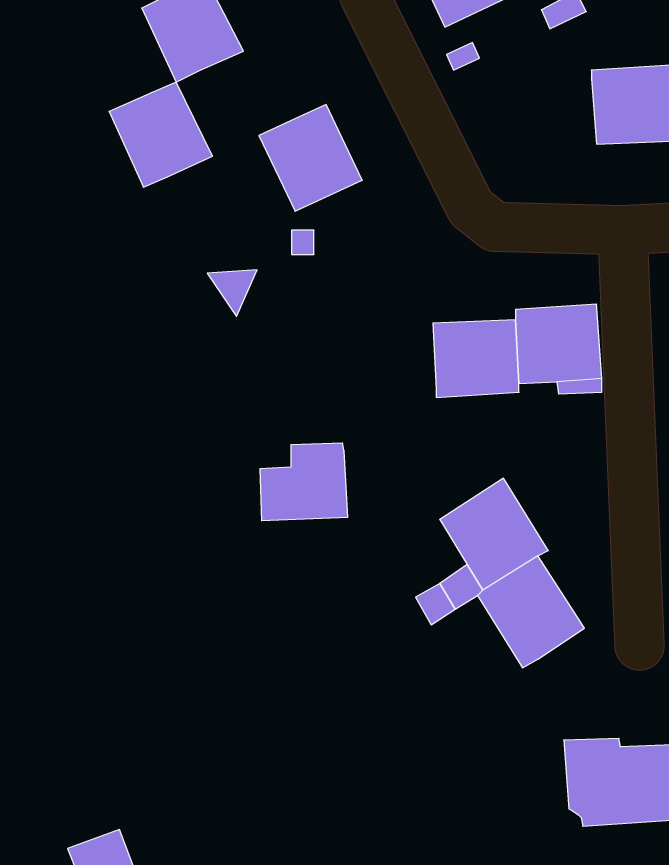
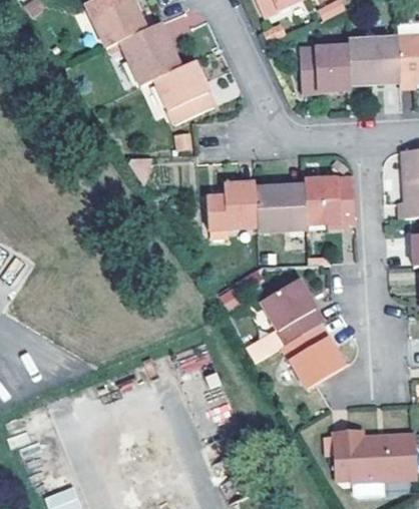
building: none -> [299,46,351,93]
building: [109,82,212,187] -> [120,24,180,85]
building: [260,443,348,521] -> [206,183,258,228]

